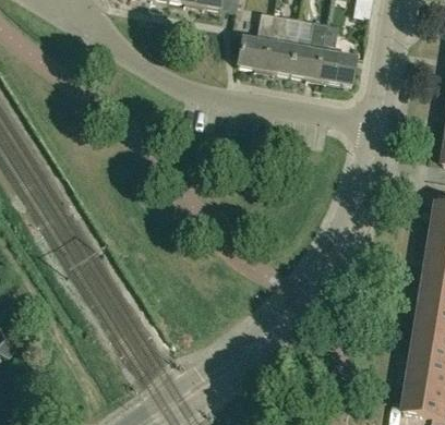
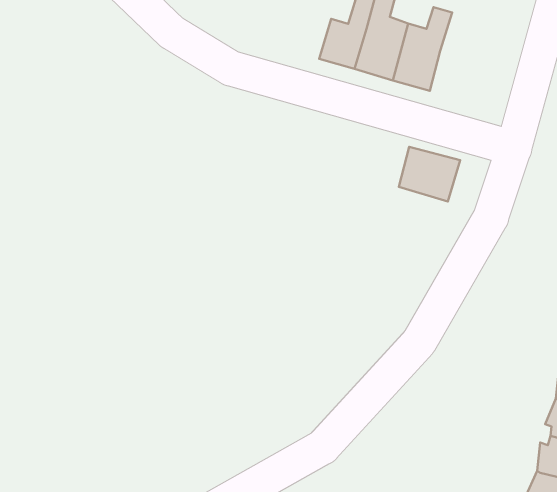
building: [315,49,356,84] -> [399,147,460,202]

